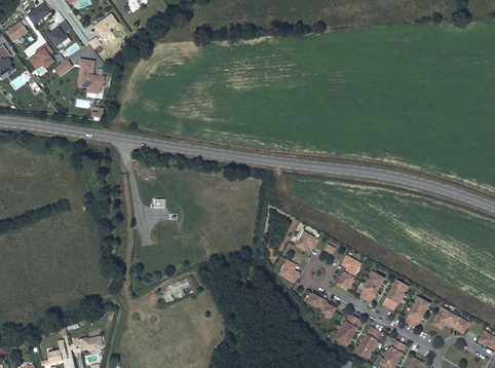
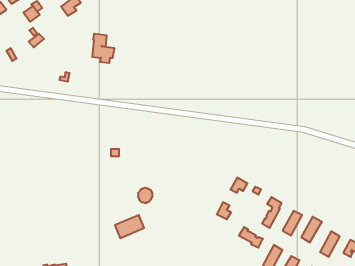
building: [29,42,53,70] -> none
building: [78,58,105,93] -> [92,34,115,63]

